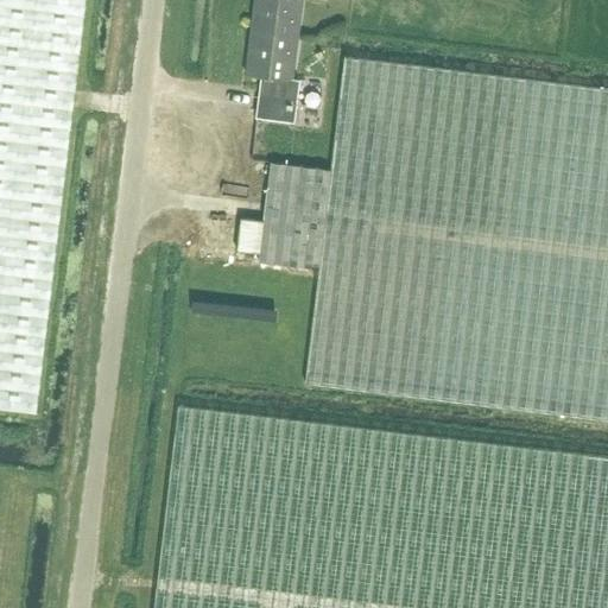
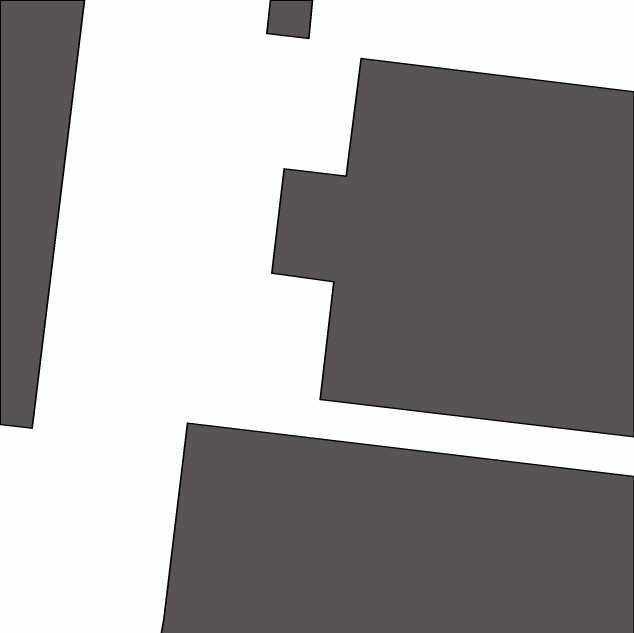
building: [251,33,300,122] -> none

